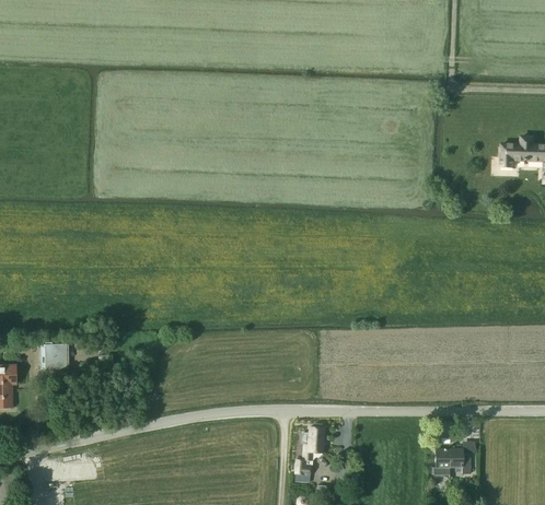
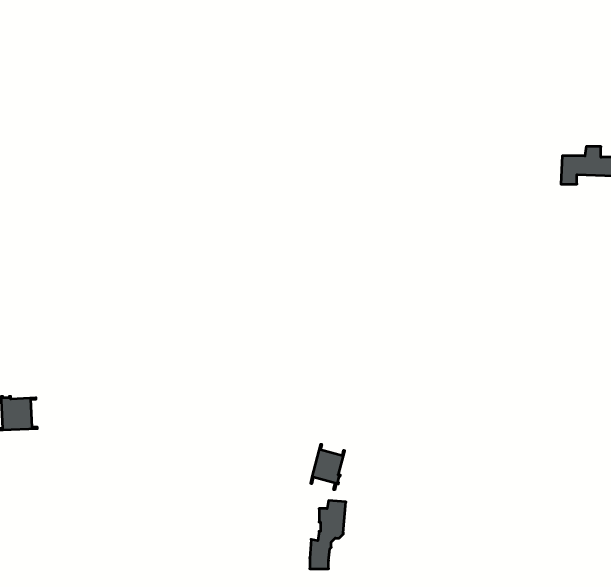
building: none -> [311,444,345,490]
building: [433,448,471,474] -> none

